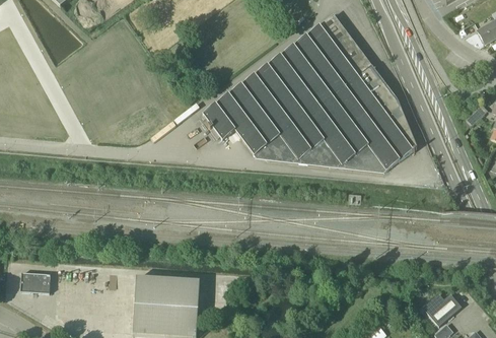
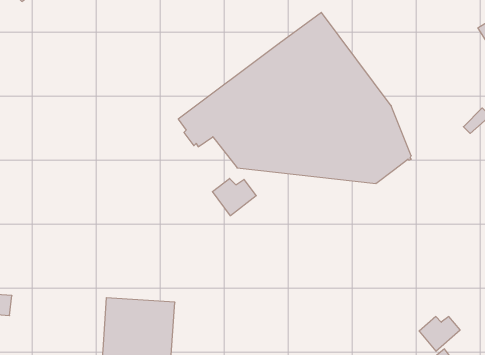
building: none -> [212,178,256,216]

